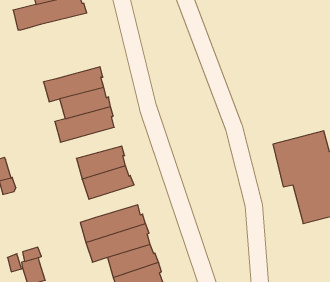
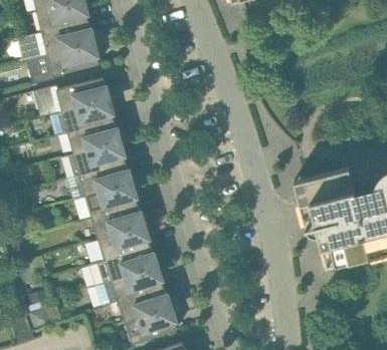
building: none -> [33,42,100,82]
building: none -> [34,78,111,117]
building: none -> [68,163,134,201]
building: none -> [99,225,151,260]

